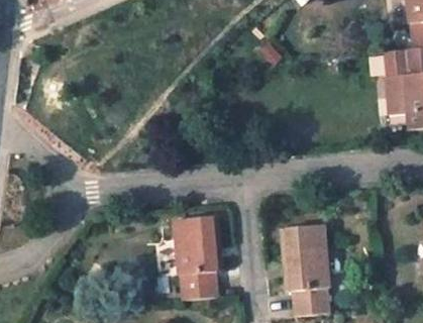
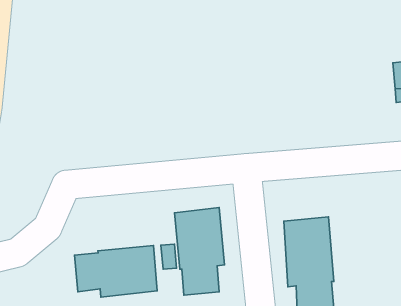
building: none -> [75,246,157,297]

